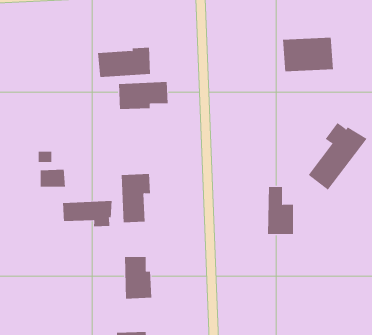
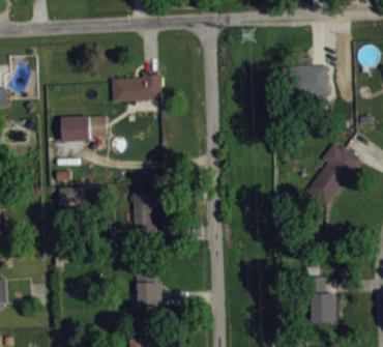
building: [118,82,169,109] -> [60,115,107,141]
building: [267,186,294,234] -> [312,277,336,321]
building: [62,200,112,227] -> none

